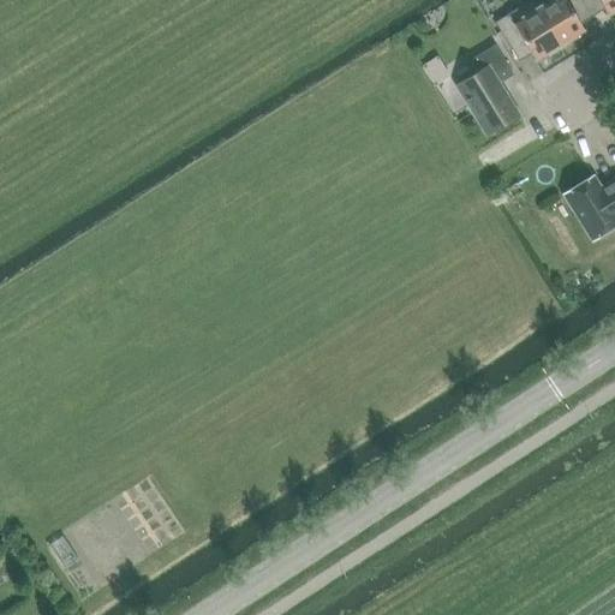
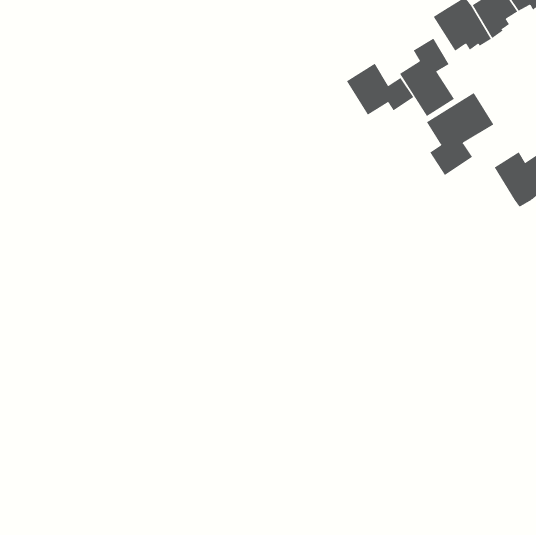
building: none -> [346,63,414,116]
building: none -> [426,92,494,176]

